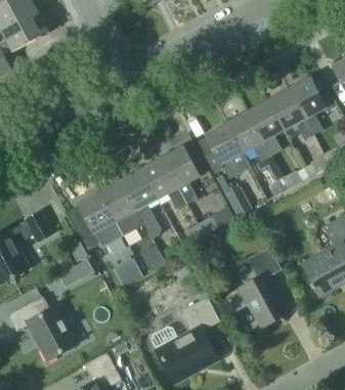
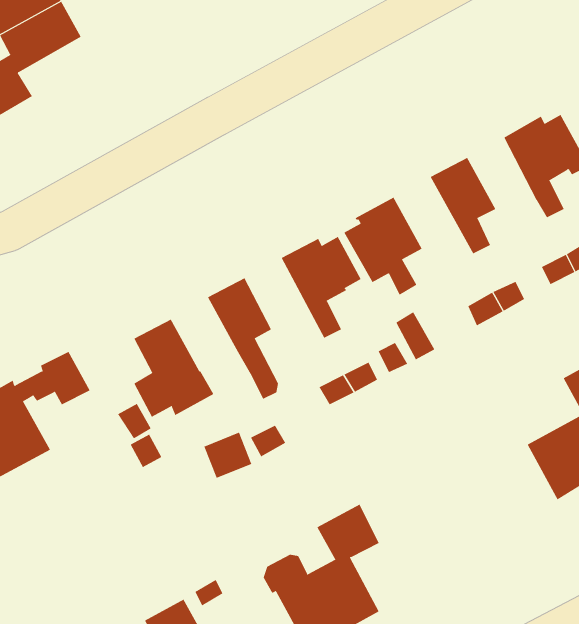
building: [267,89,312,140] -> none
building: [225,112,270,161] -> none
building: [140,158,185,210] -> none
building: [98,180,143,235] -> none
building: [224,247,288,327] -> none
building: [7,297,76,359] -> none

